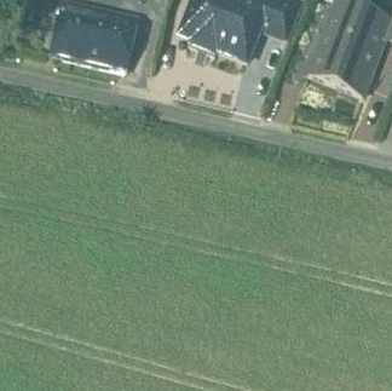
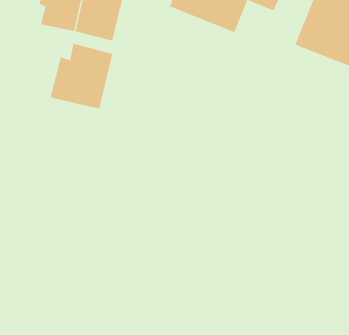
building: none -> [49,43,113,110]

